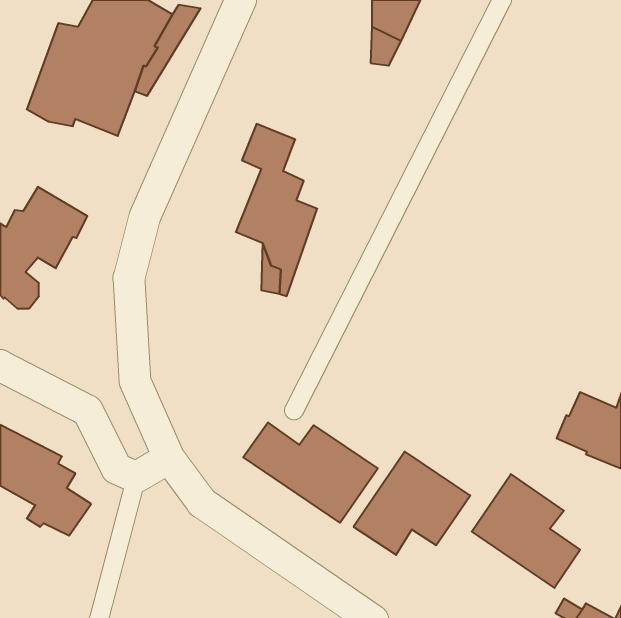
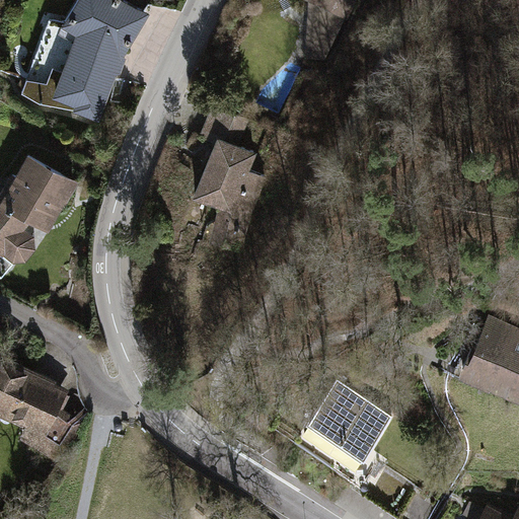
building: [243,422,378,523] -> none
building: [472,474,580,588] -> none

